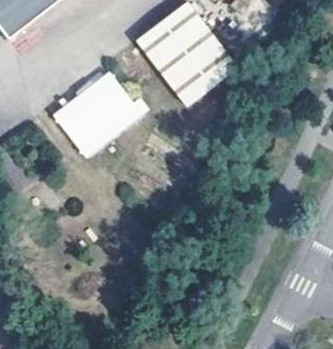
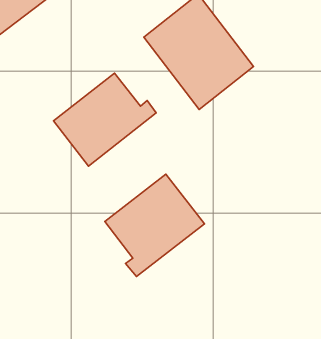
building: none -> [105,174,204,276]

